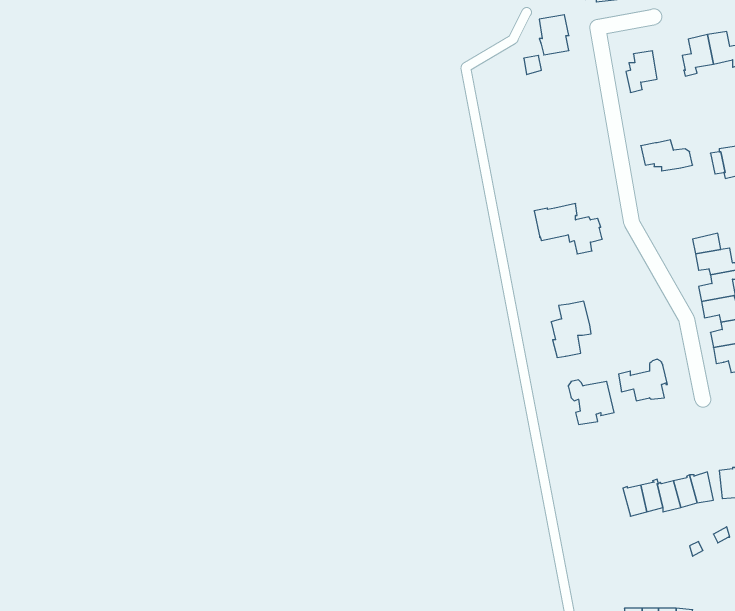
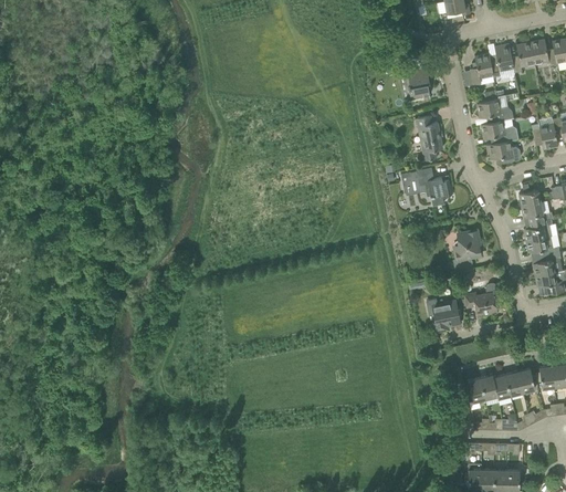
building: [539,15,569,55] -> [408,67,430,97]
building: none -> [491,43,514,75]
building: none -> [478,98,514,122]
building: none -> [417,115,443,160]
building: none -> [486,140,522,163]
building: [551,301,591,357] -> [452,230,482,272]

